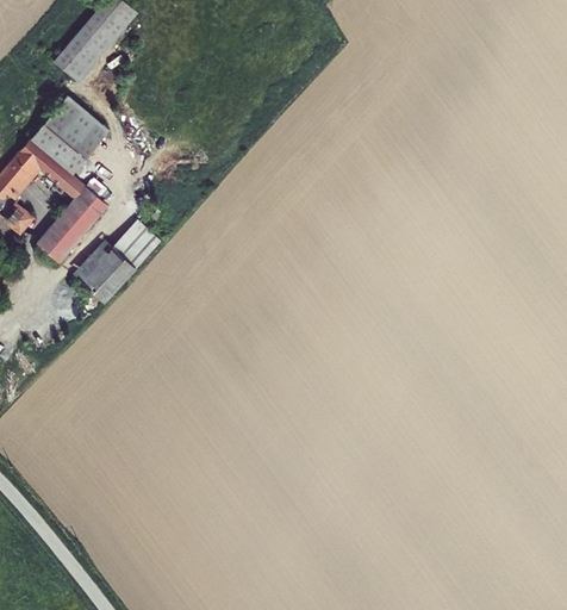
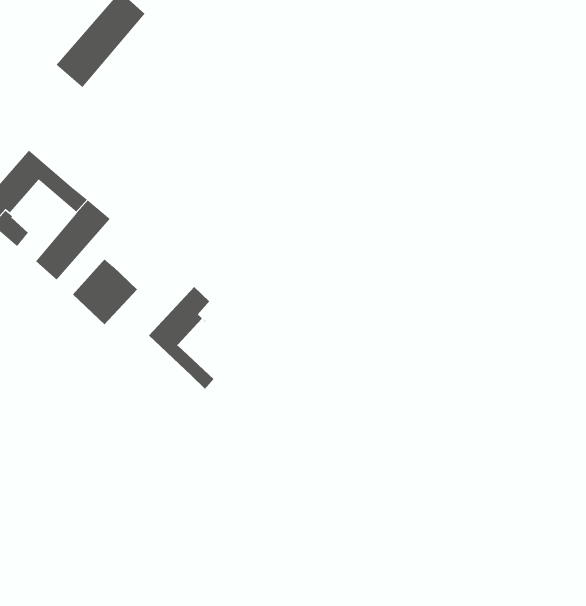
building: [31,97,107,174] -> none
building: [110,222,157,269] -> none
building: none -> [148,286,215,390]

